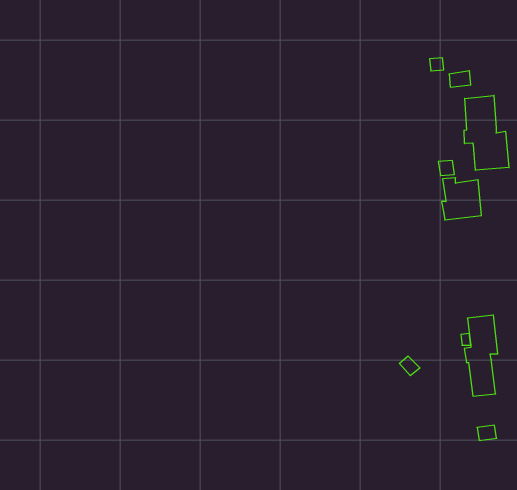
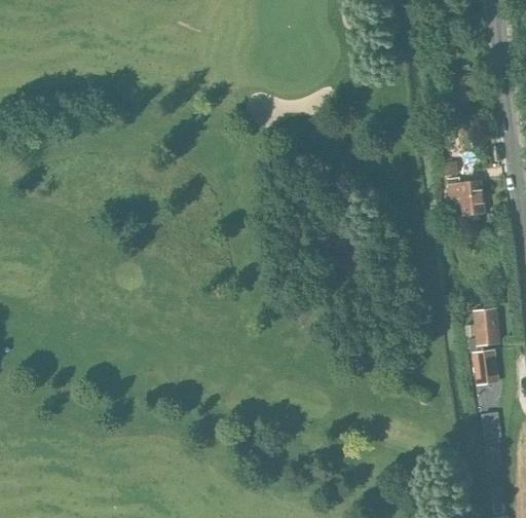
building: [464,95,509,170] -> none

